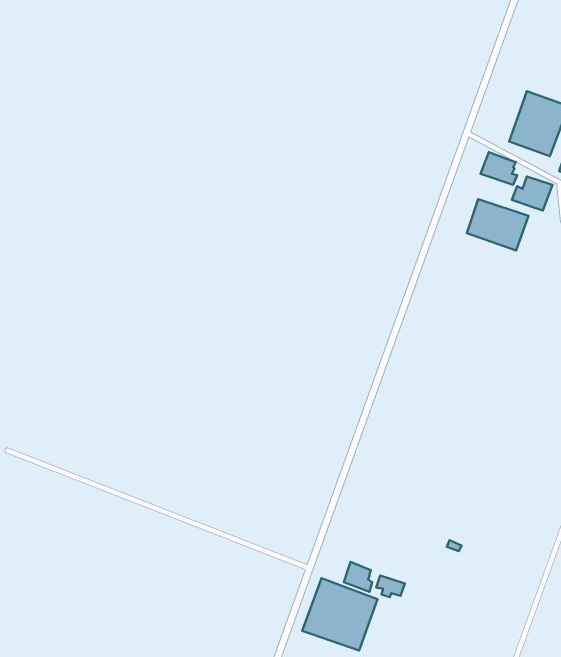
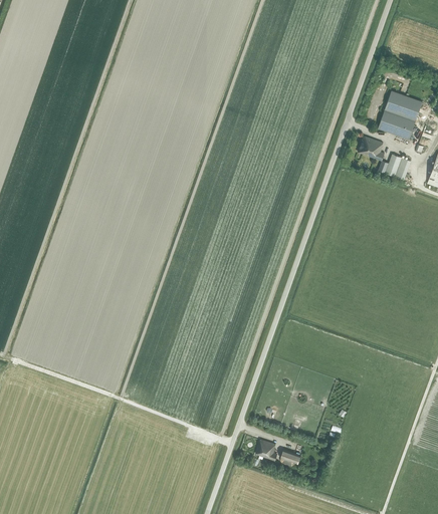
building: [467,199,528,251] -> none
building: [302,578,377,650] -> none

